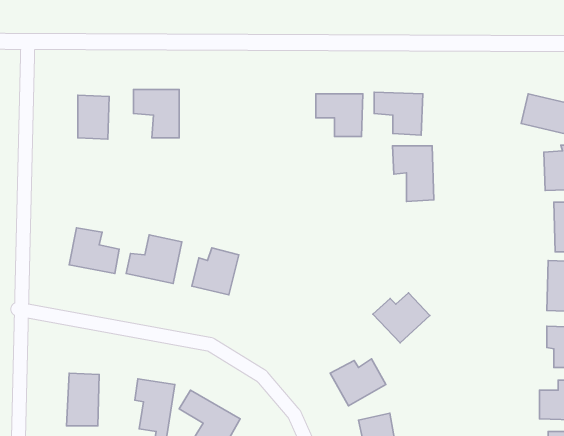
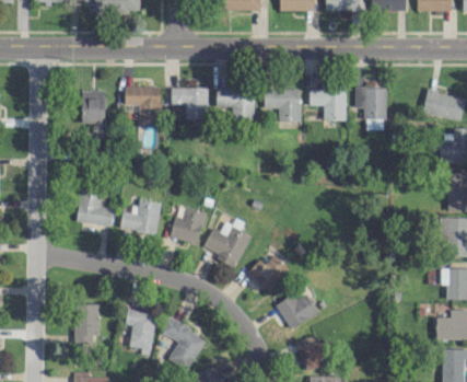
building: none -> [171,86,208,118]
building: none -> [217,88,255,120]
building: [392,146,434,201] -> [354,86,386,129]
building: none -> [203,222,250,267]
building: [373,293,430,343] -> [247,254,291,292]

